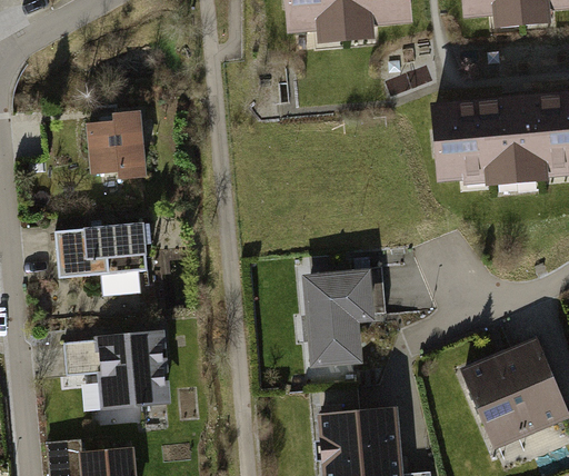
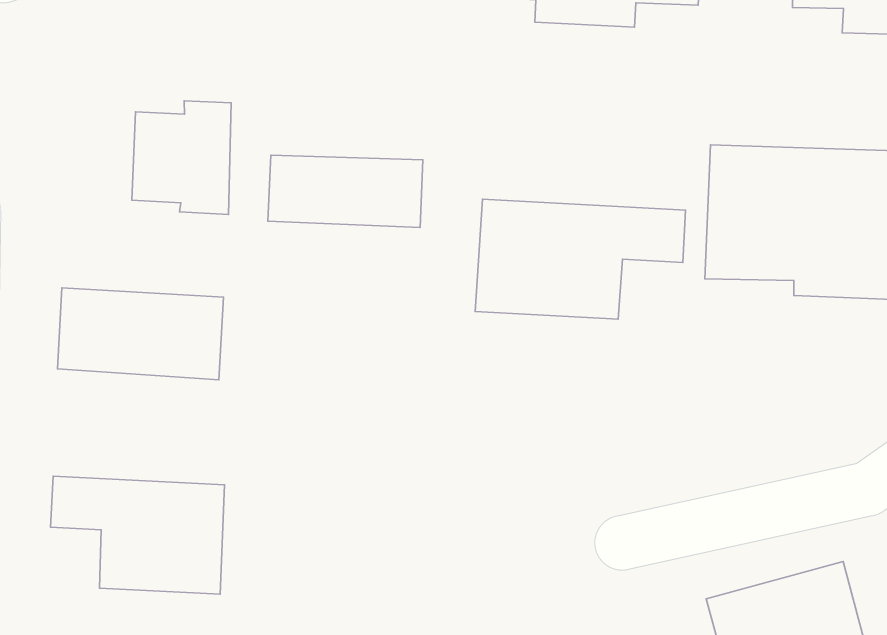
building: none -> [268,155,423,228]
building: none -> [475,199,686,319]
building: [300,269,372,366] -> none

